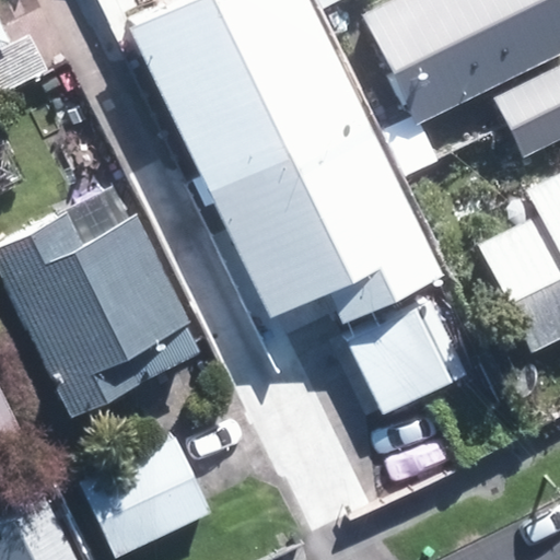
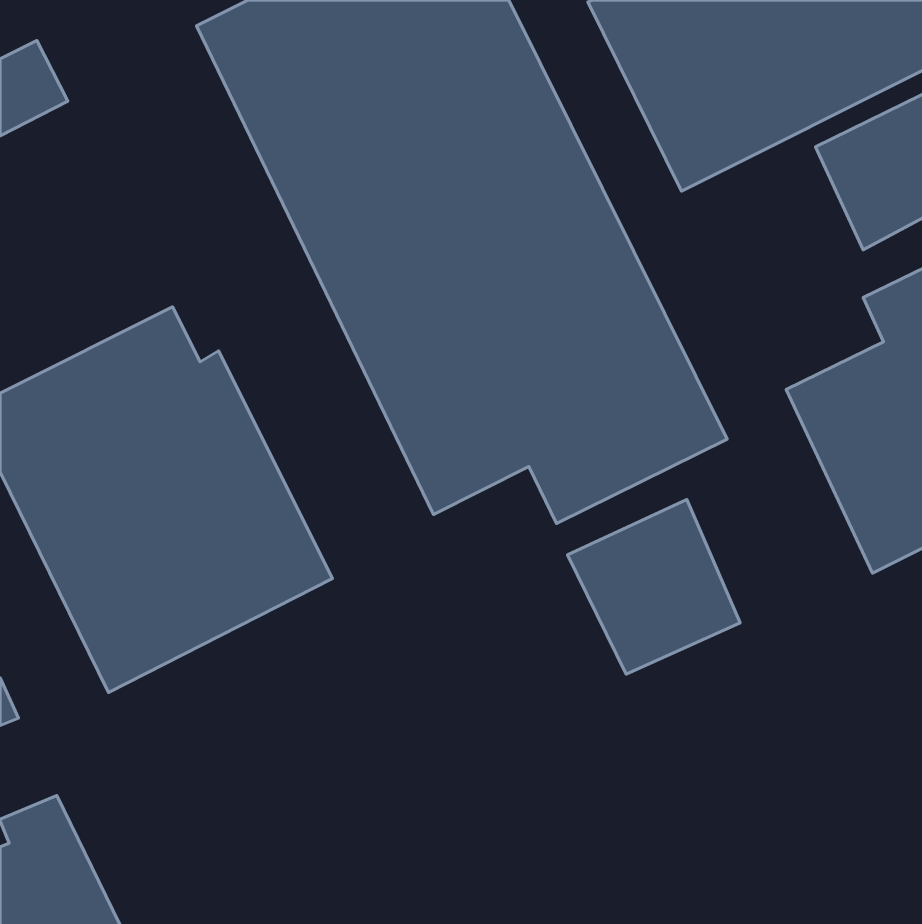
building: [81,436,212,555] -> none

